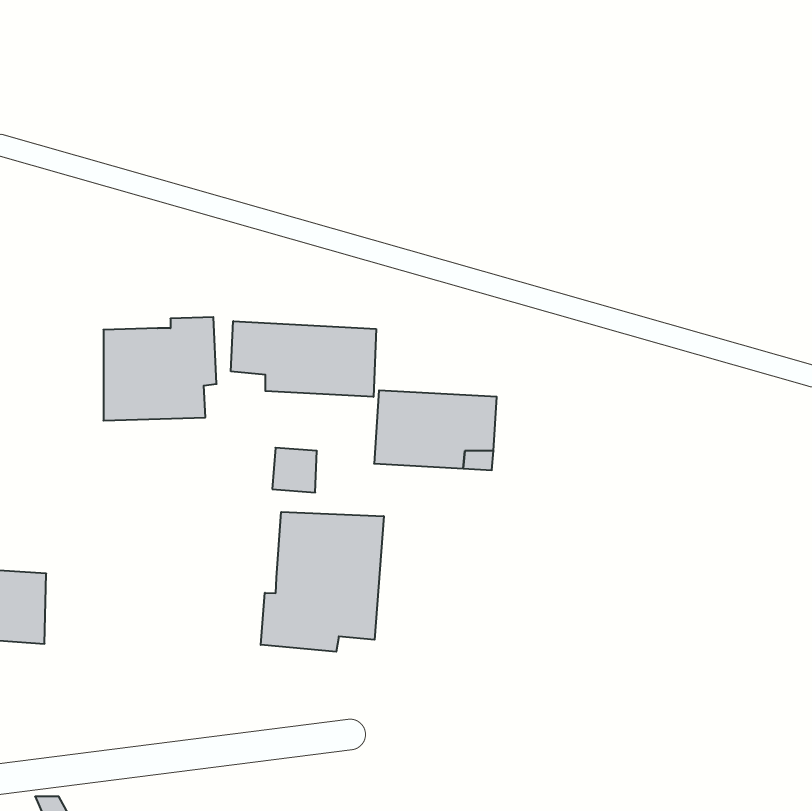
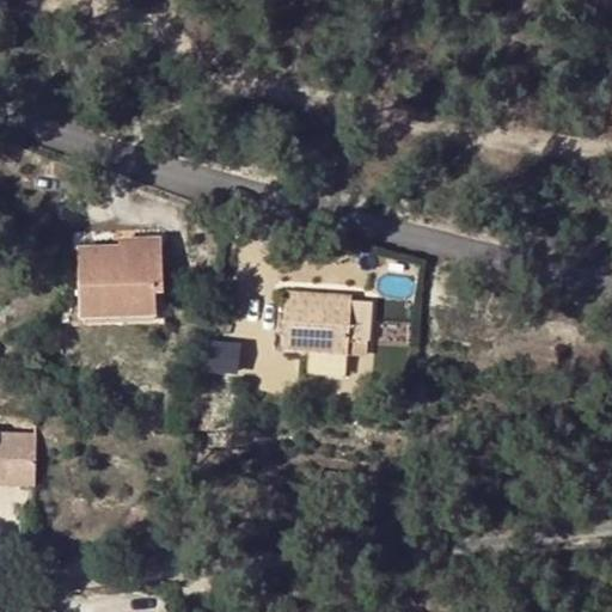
building: [231,321,376,397] -> none
building: [261,512,384,652] -> none

